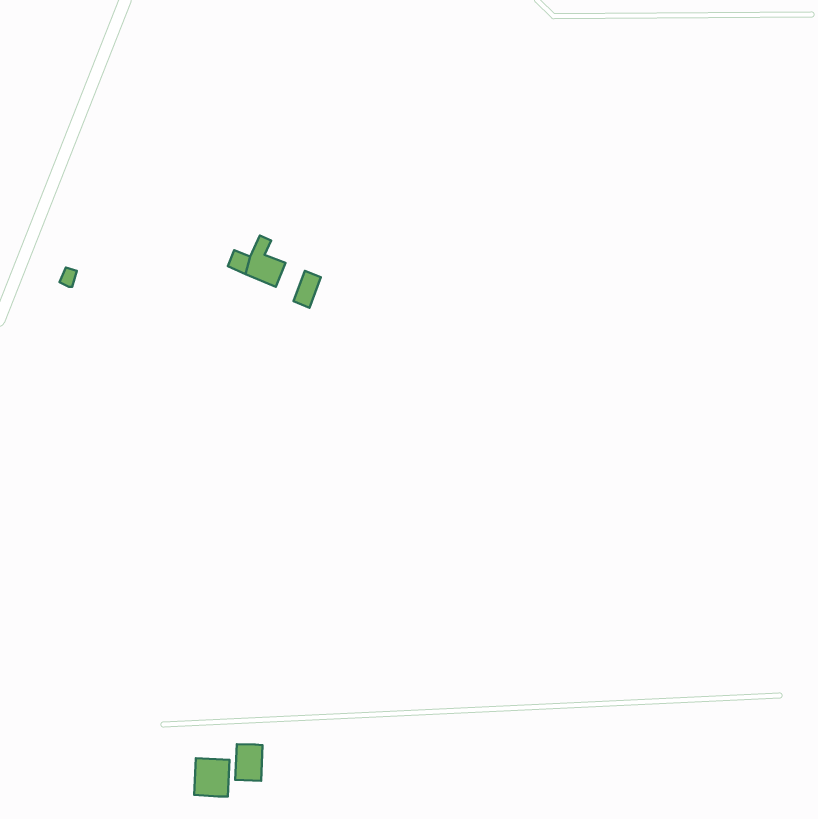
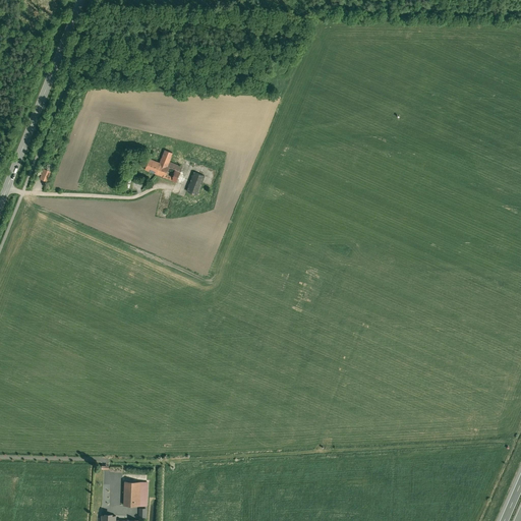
building: [235,744,263,781] -> none

